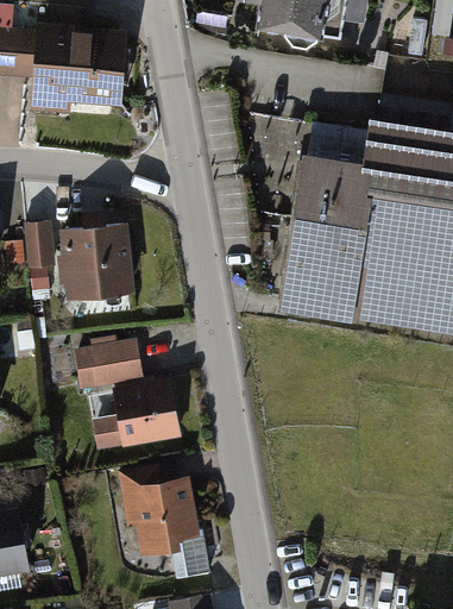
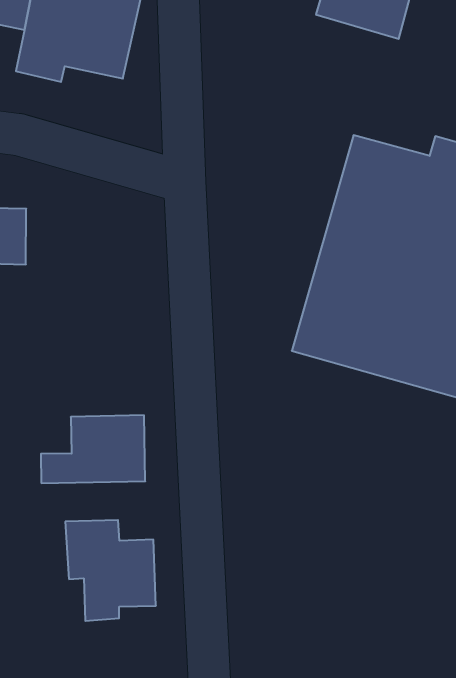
building: [63,228,133,299] -> none
building: [69,339,143,391] -> none
building: [170,532,208,576] -> none

